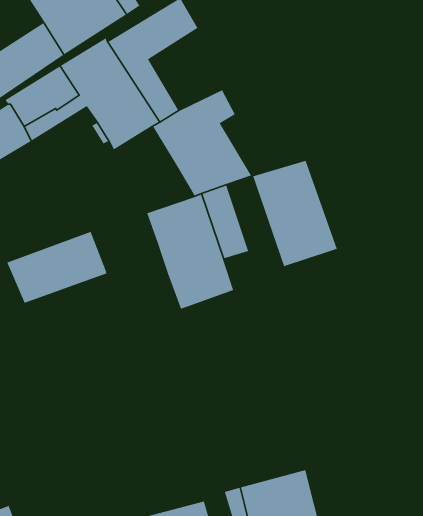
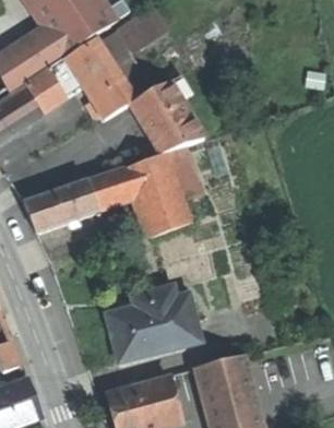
building: [252,160,338,267] -> none
building: none -> [85,166,133,207]
building: none -> [108,287,201,360]

